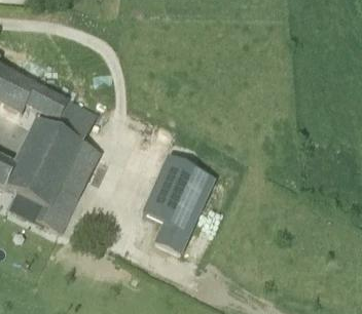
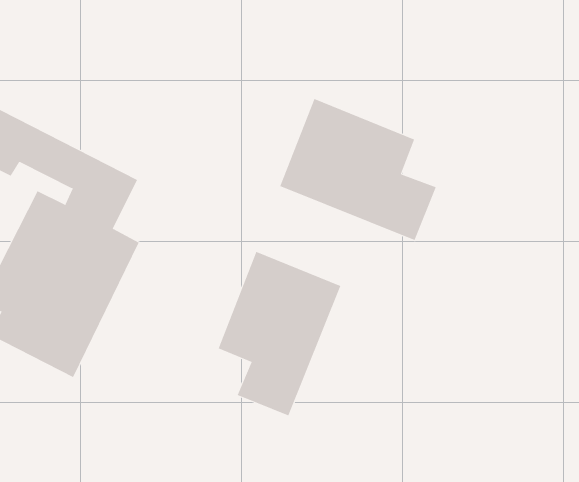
building: none -> [279,98,437,241]

